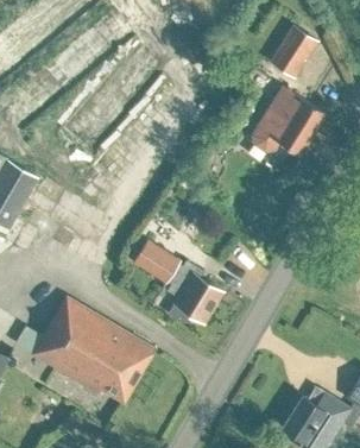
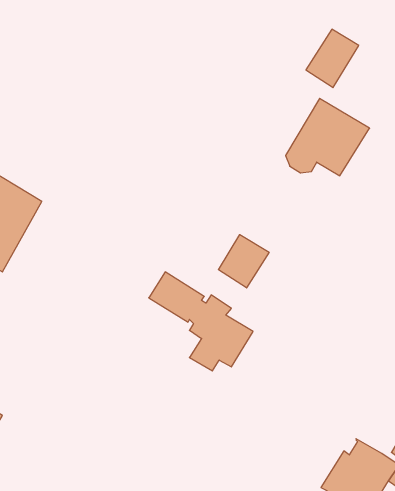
building: none -> [218,235,269,288]
building: [36,297,156,403] -> none

